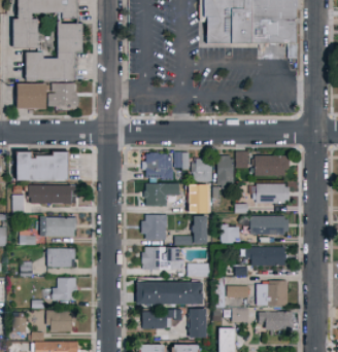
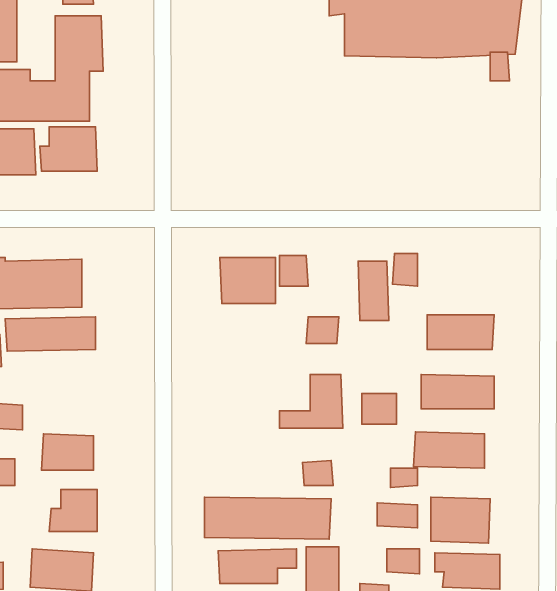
building: [255,154,288,176] -> none
building: [195,157,212,181] -> none
building: [144,182,181,205] -> none
building: [143,214,167,240] -> none
building: [38,216,76,237] -> none
building: [142,246,184,270] -> none

